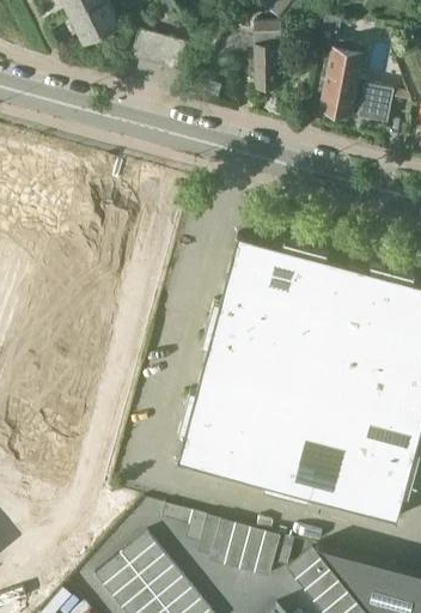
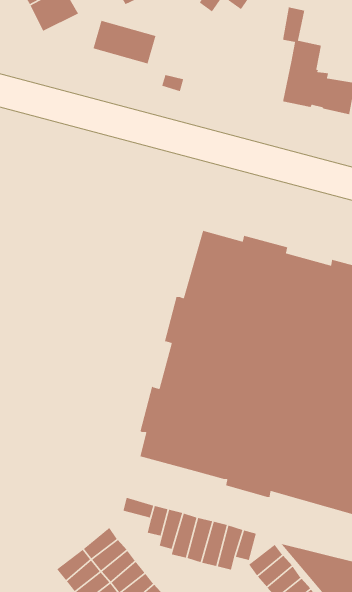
building: [248,24,281,93] -> none

